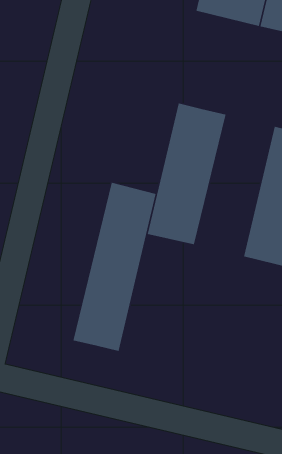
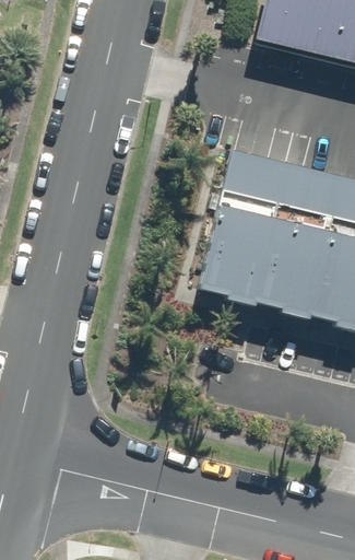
building: none -> [253,156,343,317]
building: [72,182,157,352] -> none

